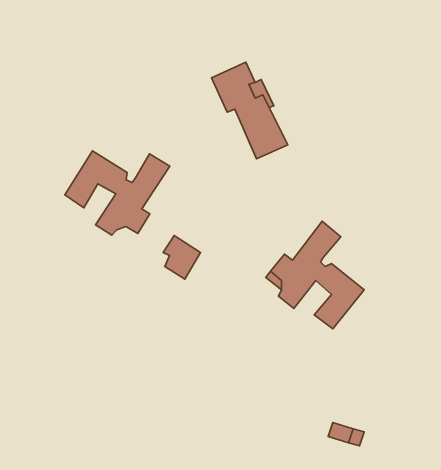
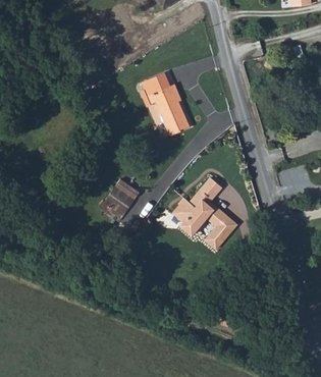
building: [65,151,170,235] -> none

